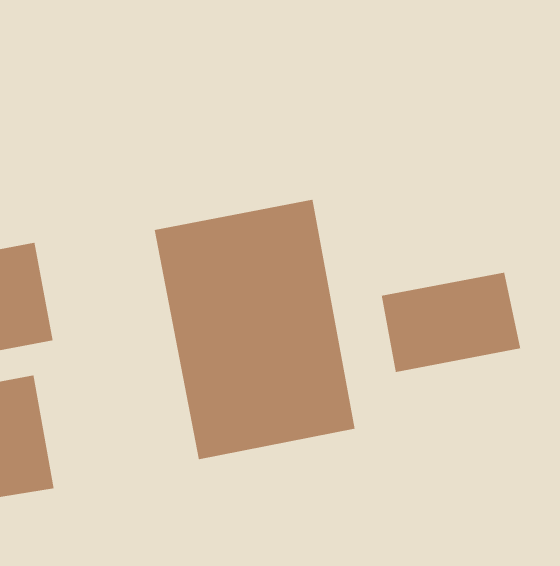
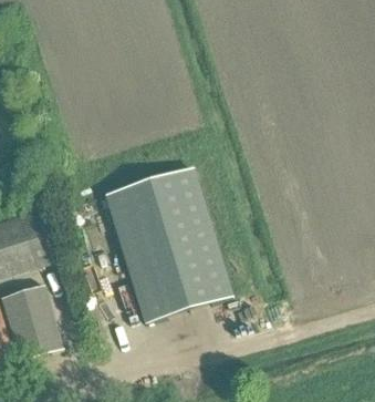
building: [381,272,521,373] -> none

